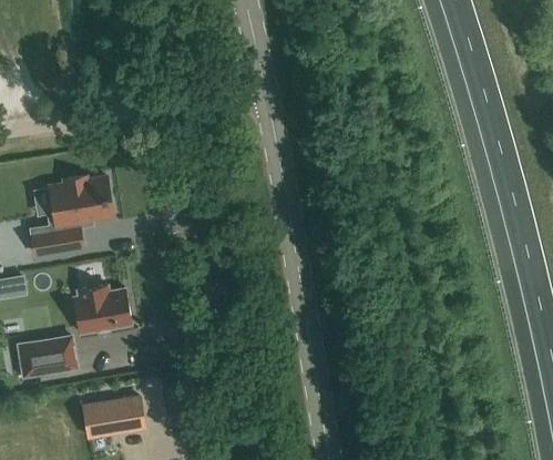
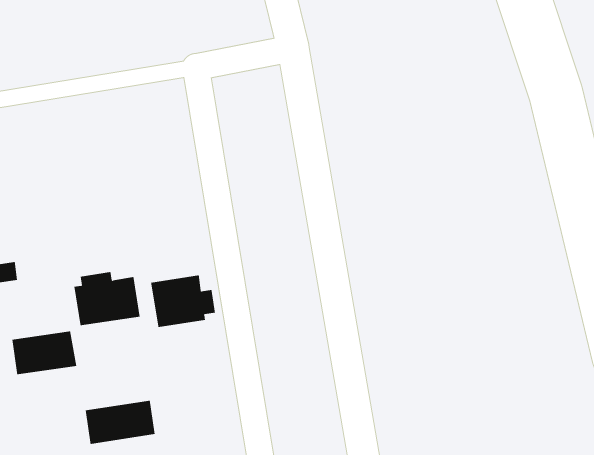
building: [30,176,113,254] -> none
building: none -> [150,275,215,328]

